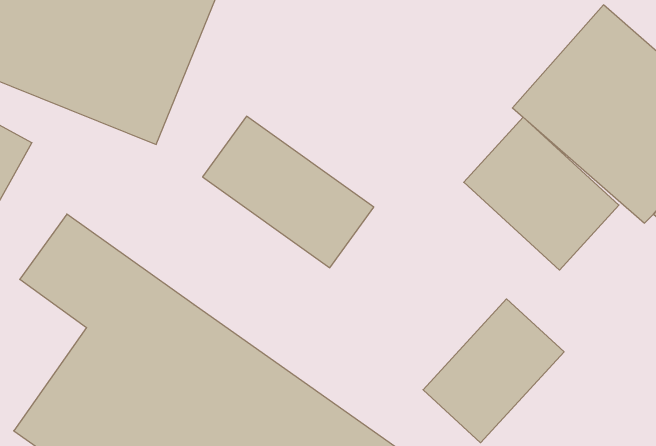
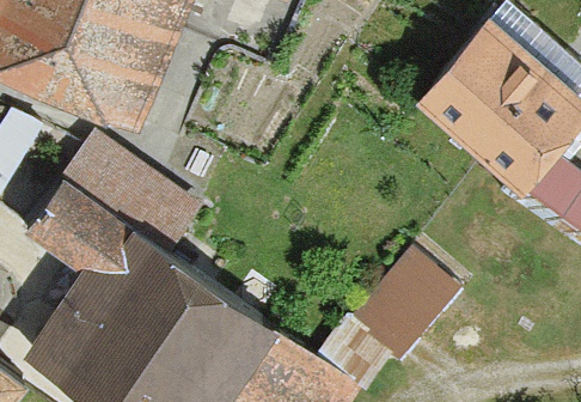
building: [203,116,374,268] -> [66,134,201,254]
building: [464,117,619,270] -> none

